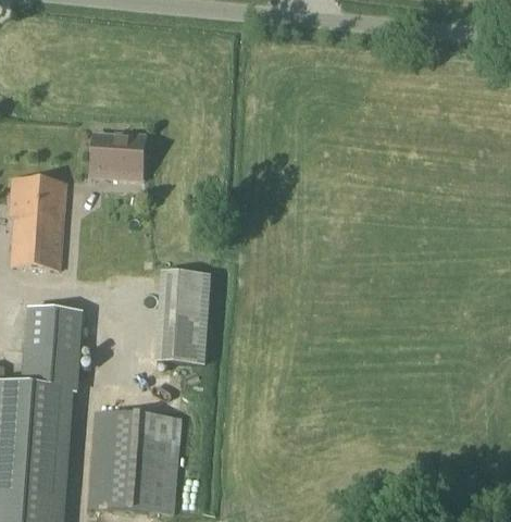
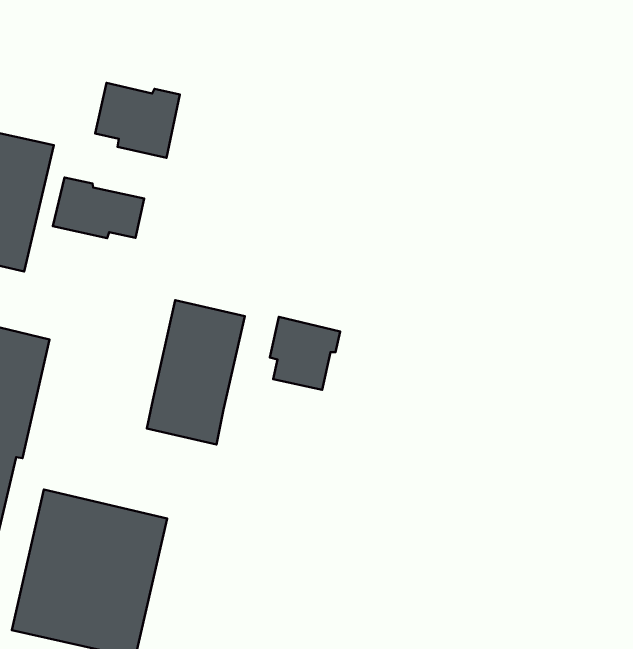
building: none -> [53,177,144,238]
building: none -> [270,317,340,390]

